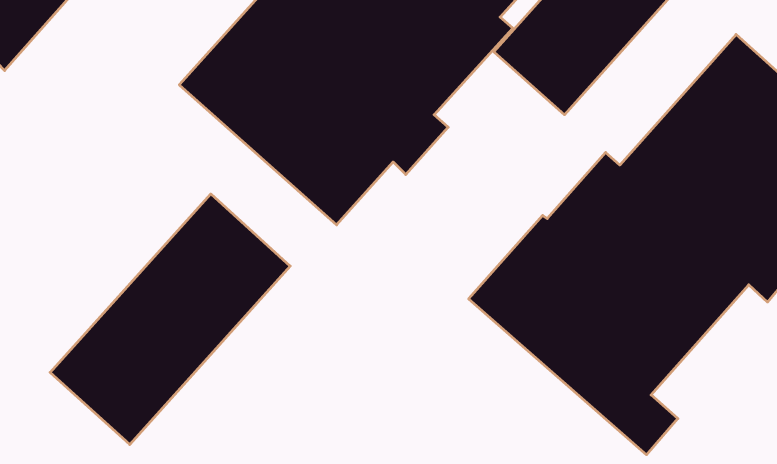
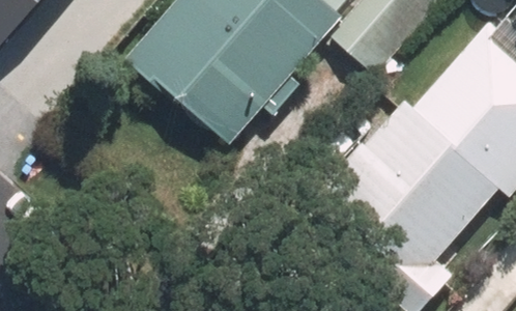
building: [50,194,290,445] -> none

